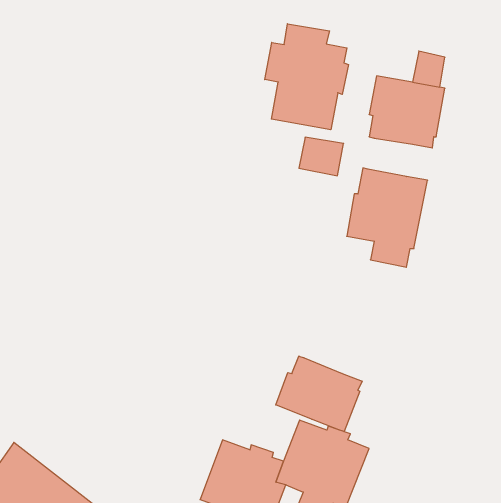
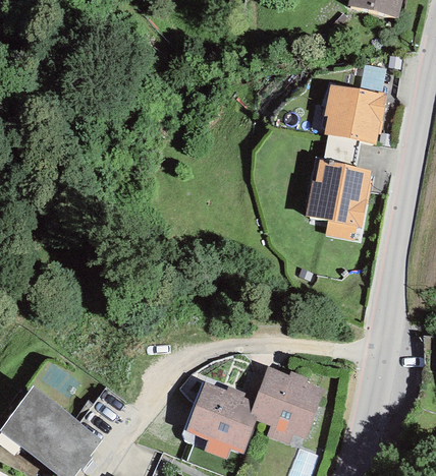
building: [265,24,348,130] -> none
building: [299,137,344,176] -> [323,136,360,168]
building: [276,356,362,432] -> none

